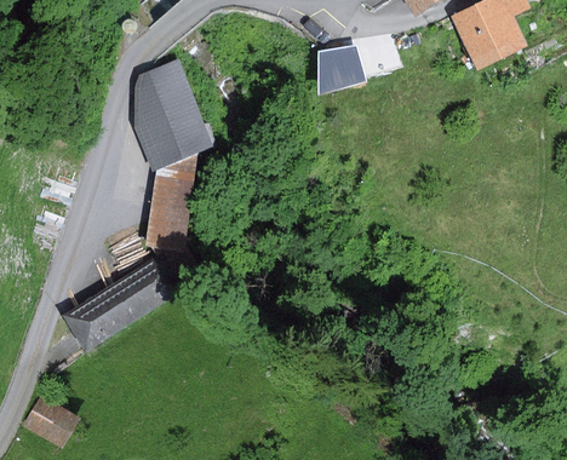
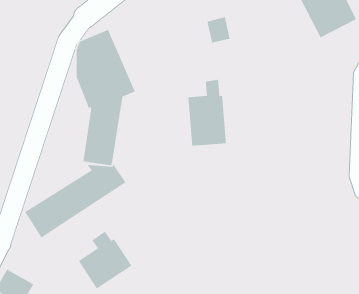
building: none -> [187,79,227,147]
building: none -> [78,230,133,290]

